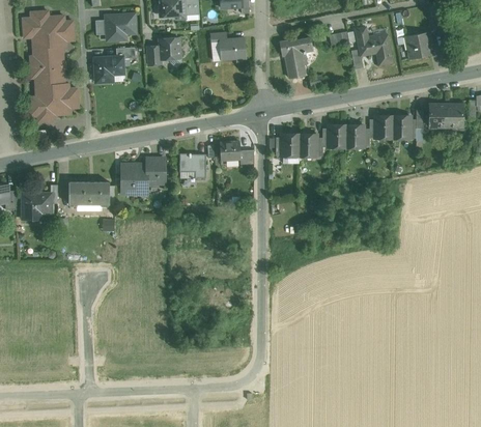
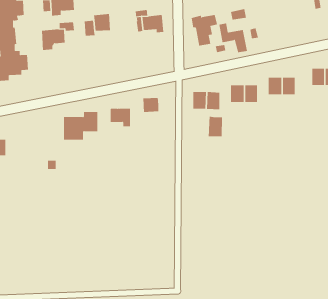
building: [356,27,392,64] -> [218,23,248,53]
building: [402,32,432,59] -> none
building: none -> [208,116,223,137]
building: [68,182,109,203] -> none

